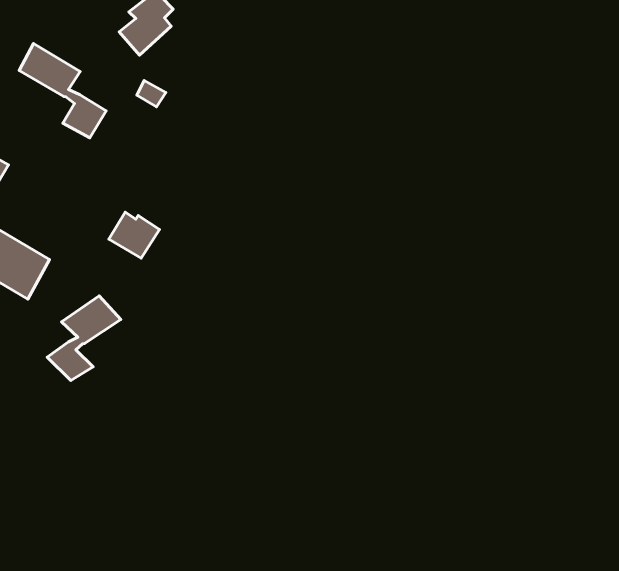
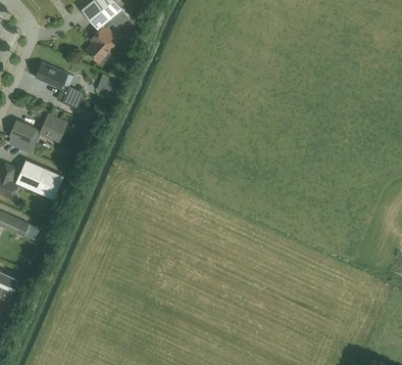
building: [109,212,160,258] -> [40,116,66,139]
building: [47,296,121,380] -> none

